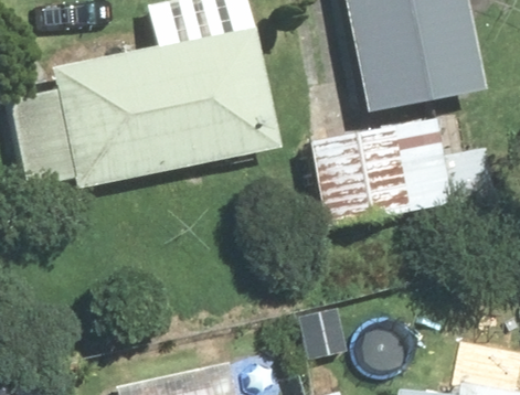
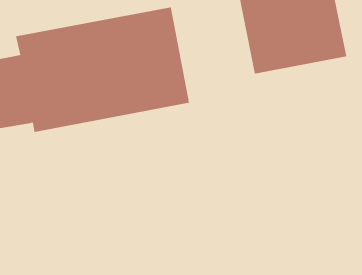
building: [304,110,461,233] -> none

